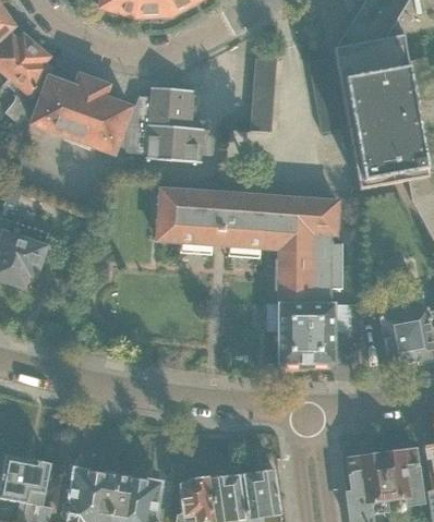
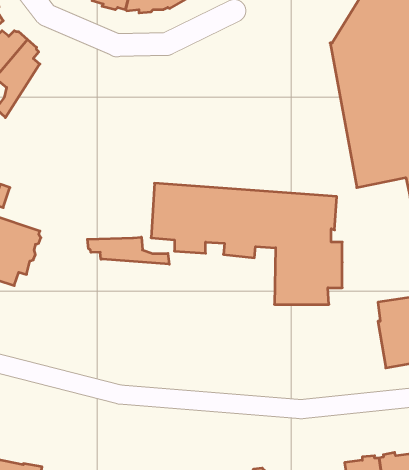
building: [252,57,278,129] -> none
building: [32,74,204,162] -> none
building: none -> [87,237,169,264]
building: [268,304,351,363] -> none

